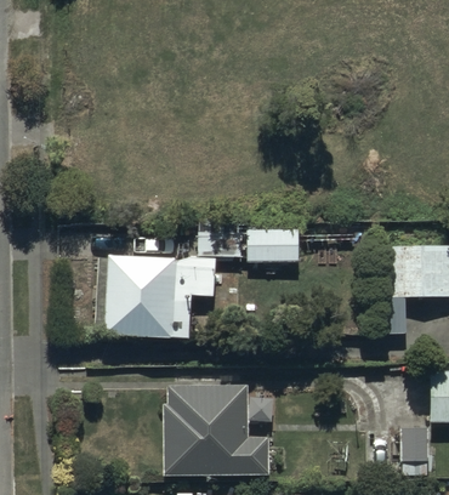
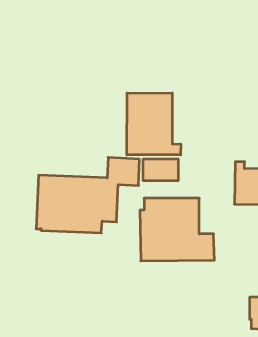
building: none -> [127,93,181,155]
building: [163,386,269,476] -> [140,198,214,261]

